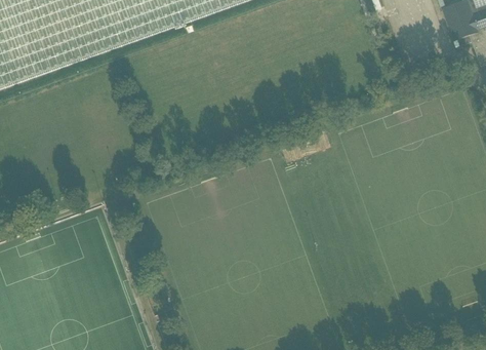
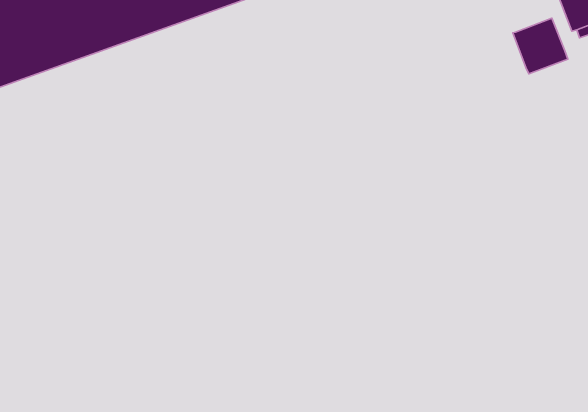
building: none -> [513,18,568,74]

